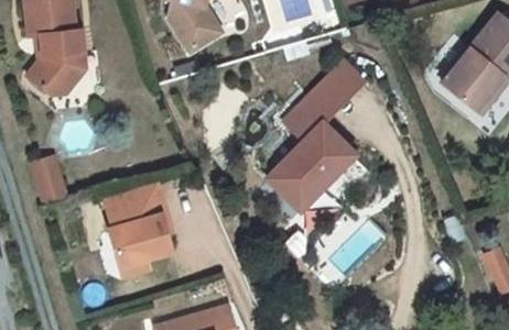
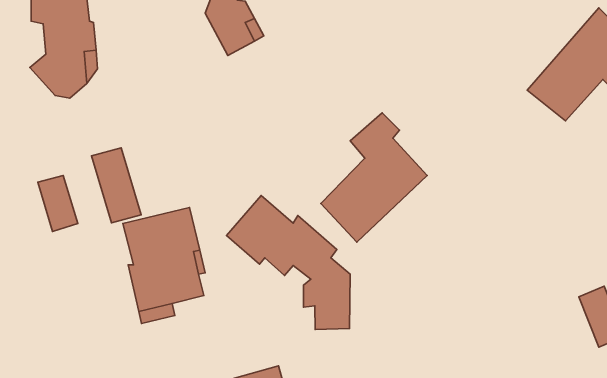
building: [312,58,368,116] -> none
building: none -> [91,148,141,223]
building: none -> [227,196,350,329]

